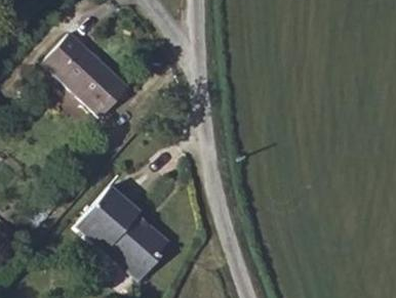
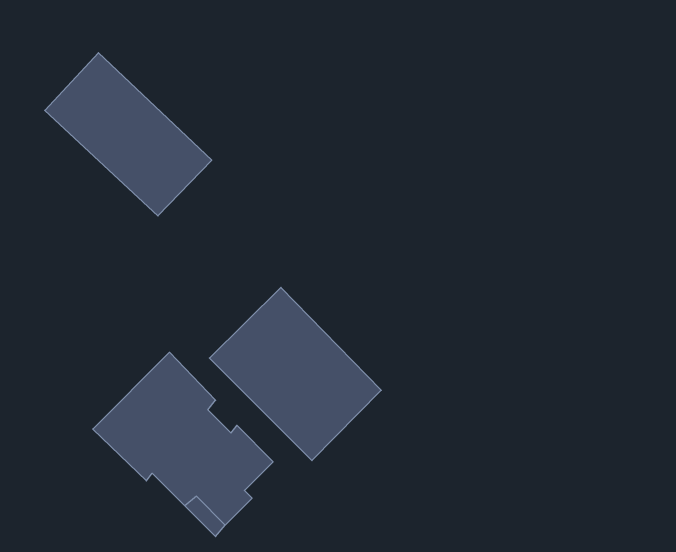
building: none -> [209,287,381,461]

